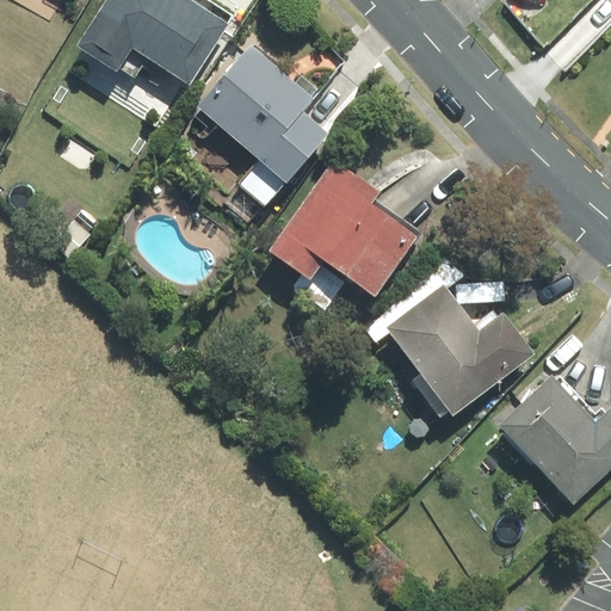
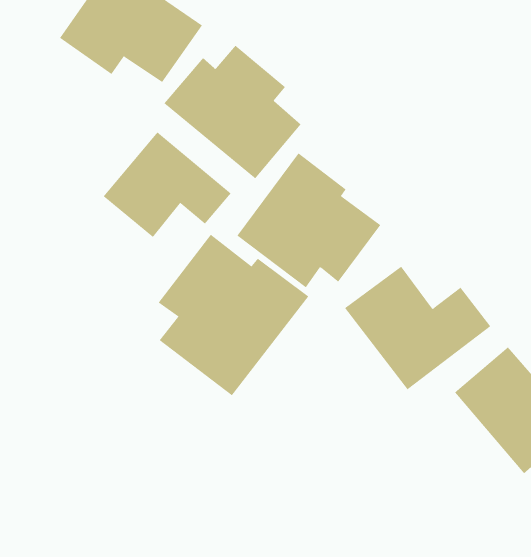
building: none -> [103,132,231,238]
building: none -> [158,234,309,396]

